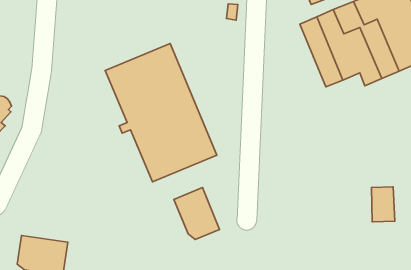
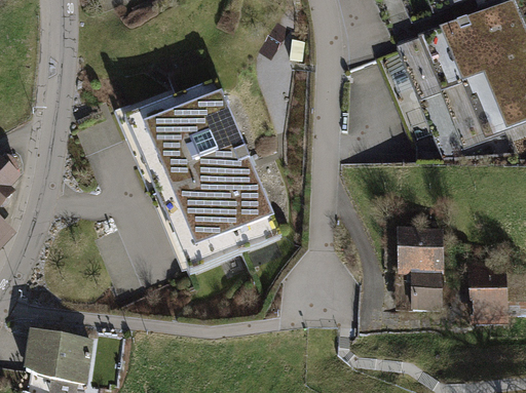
building: none -> [402,228,443,305]
building: [174,188,220,240] -> none

